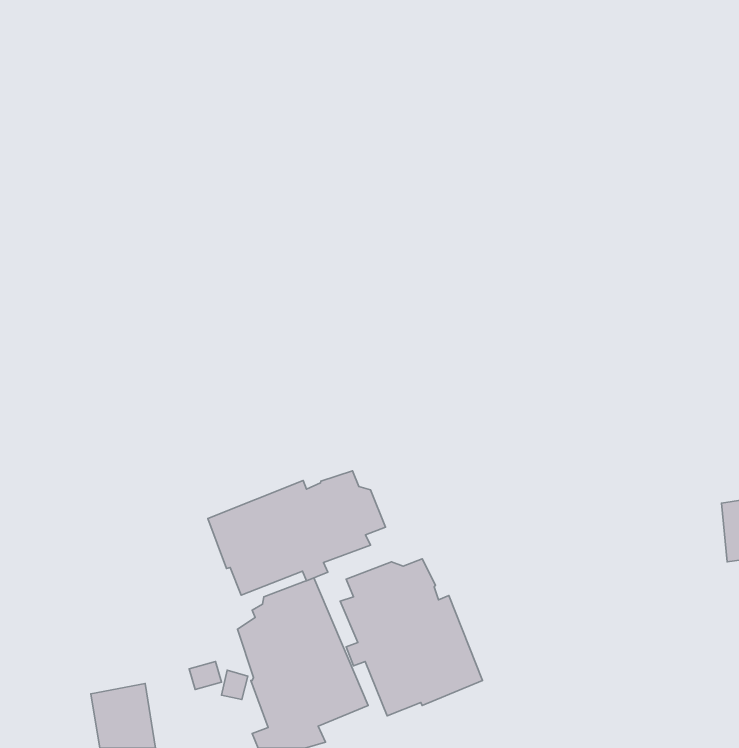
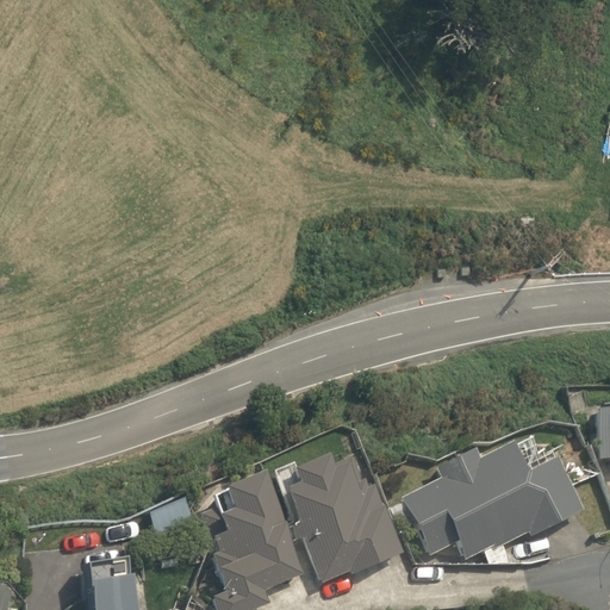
building: [208,471,386,595] -> none
building: none -> [404,440,583,559]

